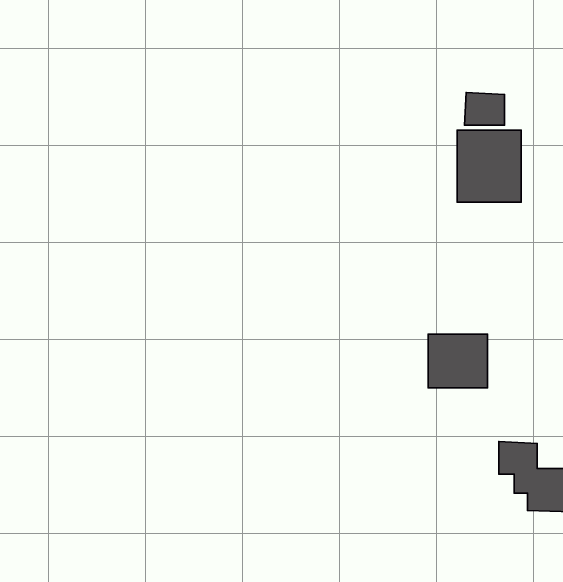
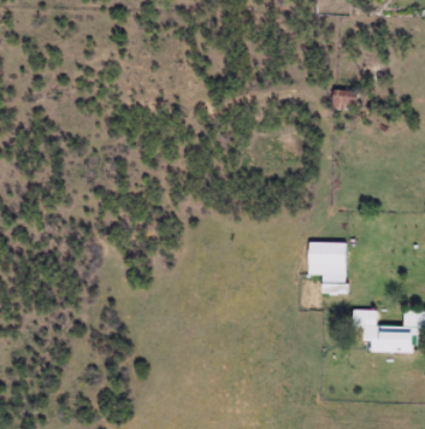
building: [457,130,521,202] -> none

